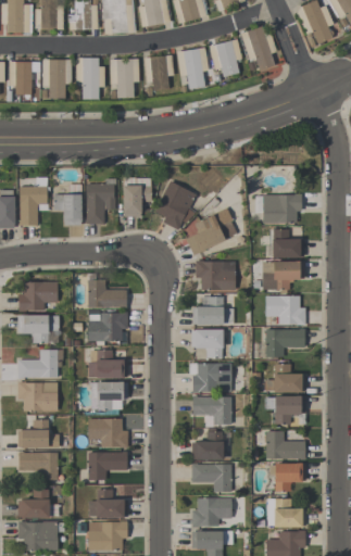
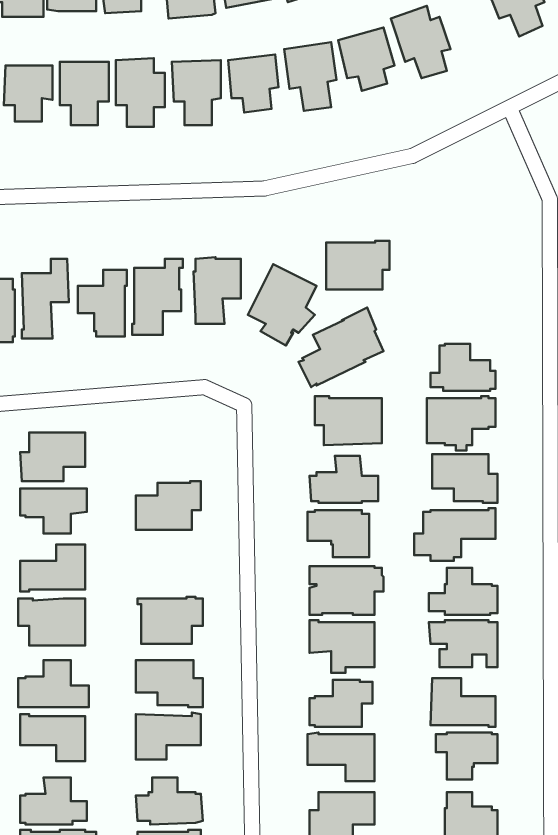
building: [263,193,301,223] -> [326,241,390,290]
building: [88,280,127,308] -> none
building: [88,350,127,378] -> none

